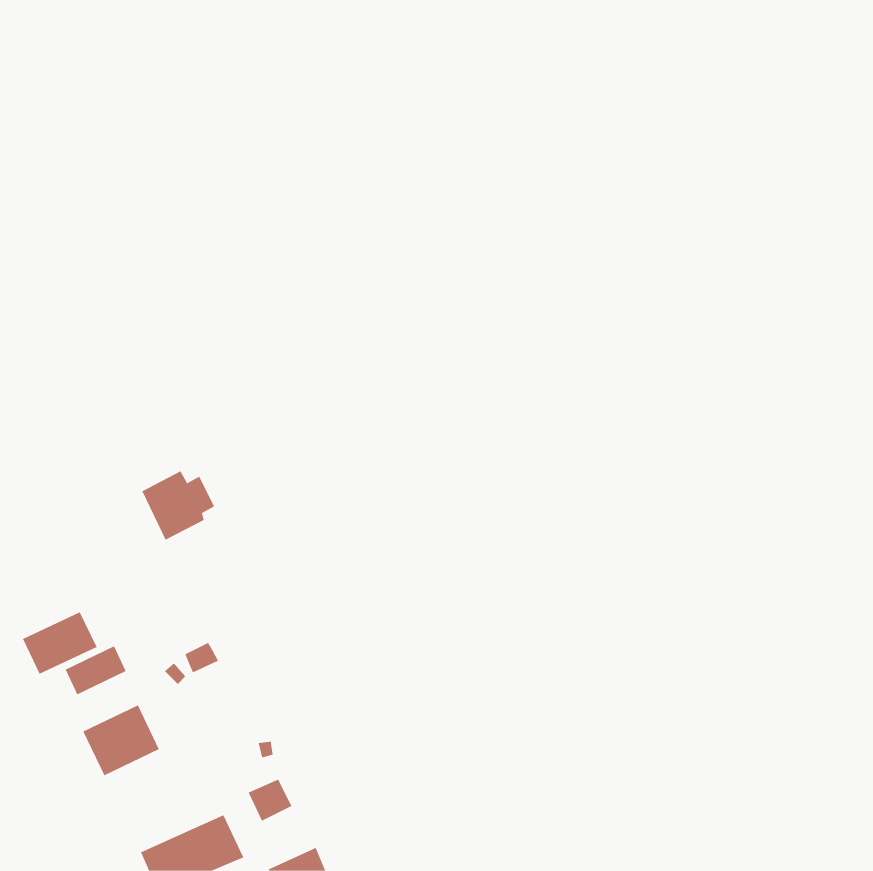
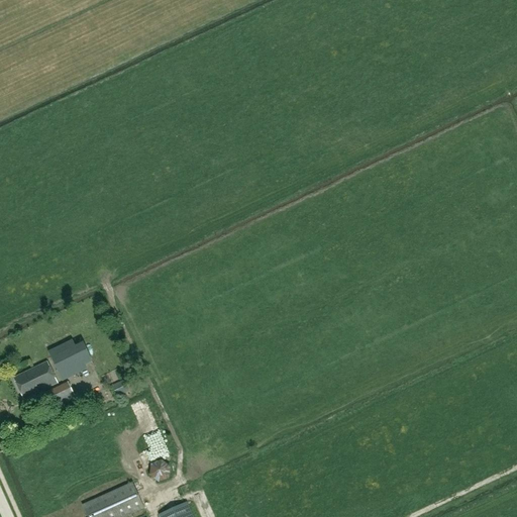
building: [141,471,215,541] -> [48,339,92,381]
building: [82,704,160,776] -> none

